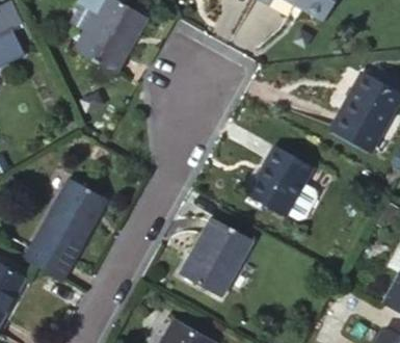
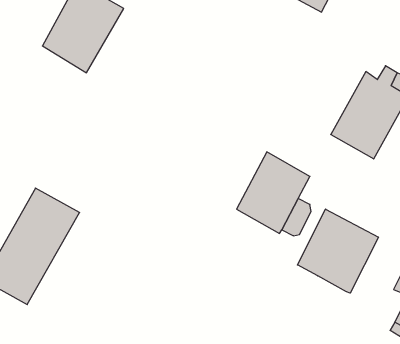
building: none -> [297,209,378,293]
building: [179,218,254,297] -> none

